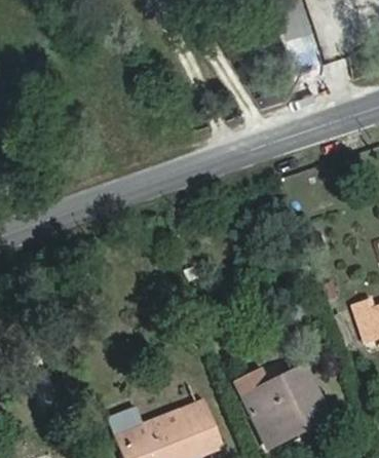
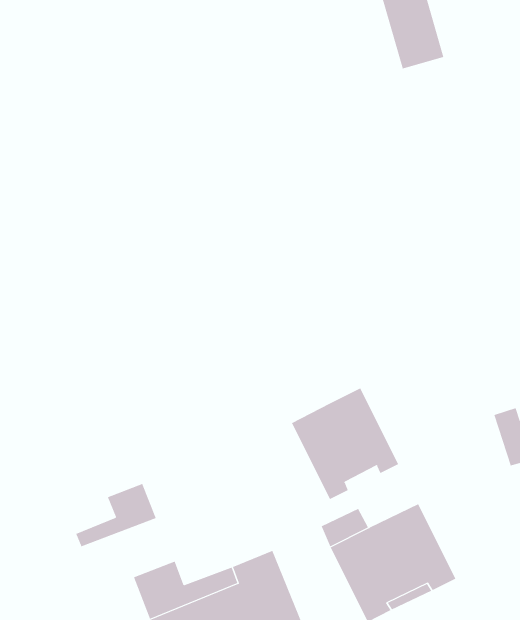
building: none -> [291,388,399,500]
building: none -> [75,483,157,547]

